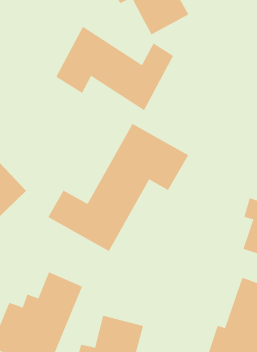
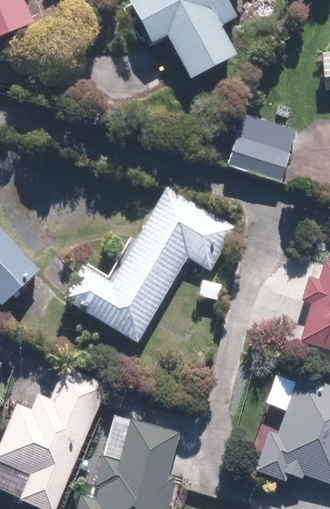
building: [56,26,174,111] -> none
building: none -> [226,113,295,182]

